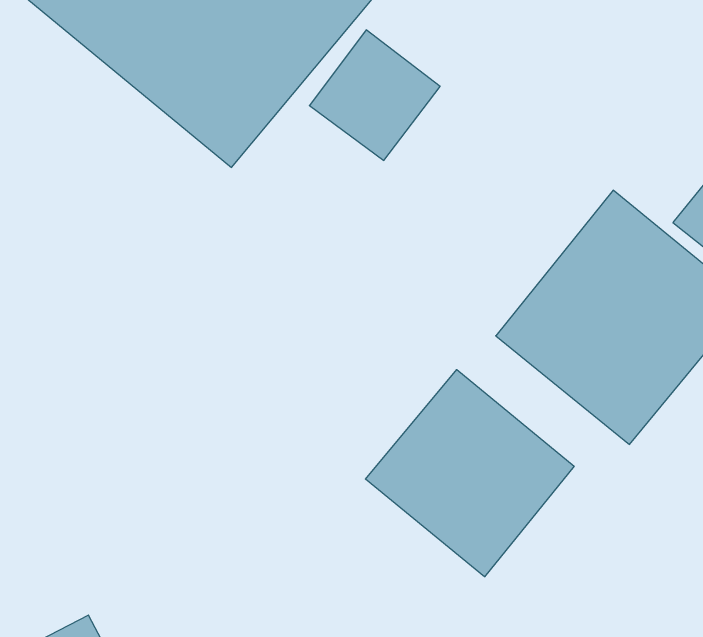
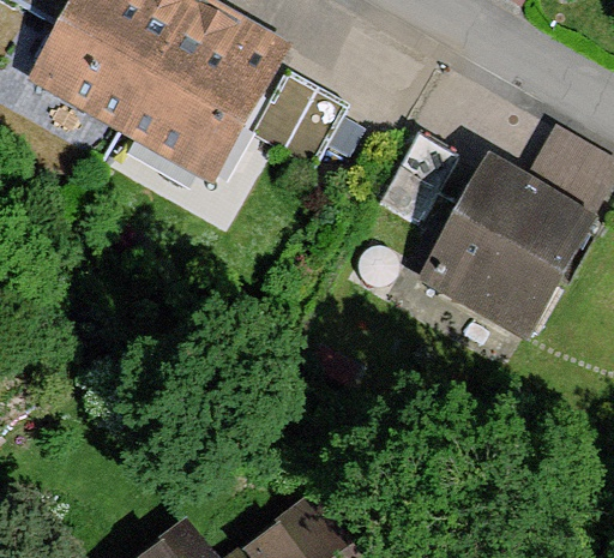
building: [365,370,574,577] -> none

